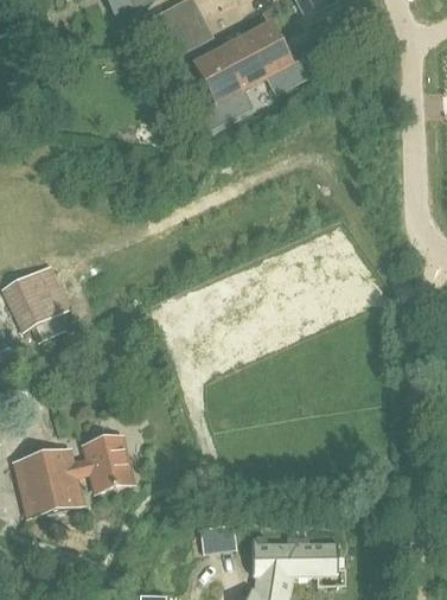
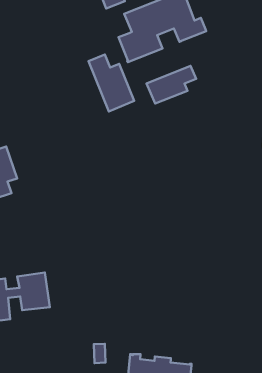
building: none -> [88,54,134,111]
building: none -> [147,66,196,104]

